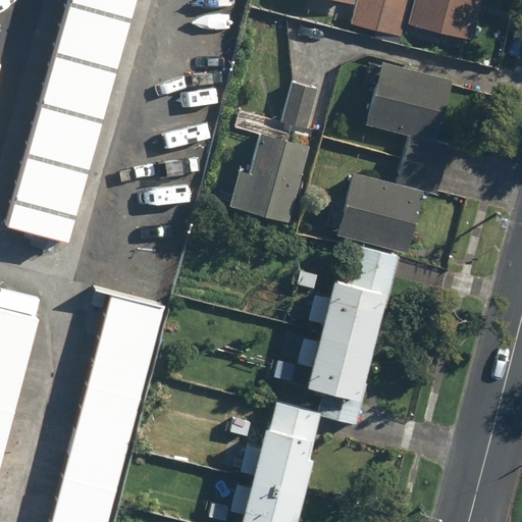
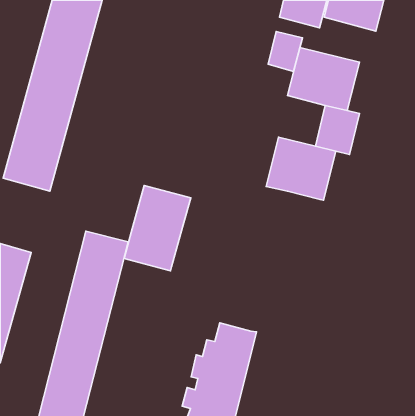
building: [281,81,324,130] -> [268,31,302,71]
building: [230,130,307,220] -> none
building: none -> [124,185,191,271]
building: [294,241,403,424] -> none

